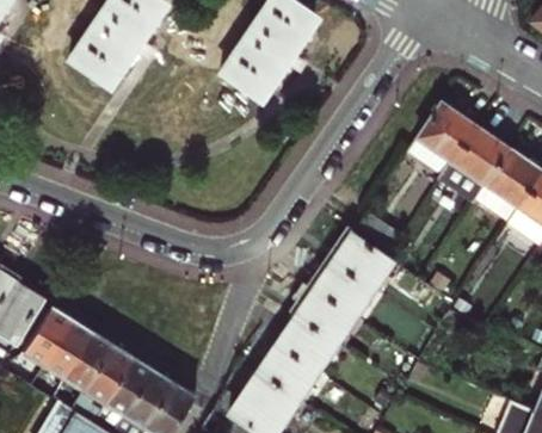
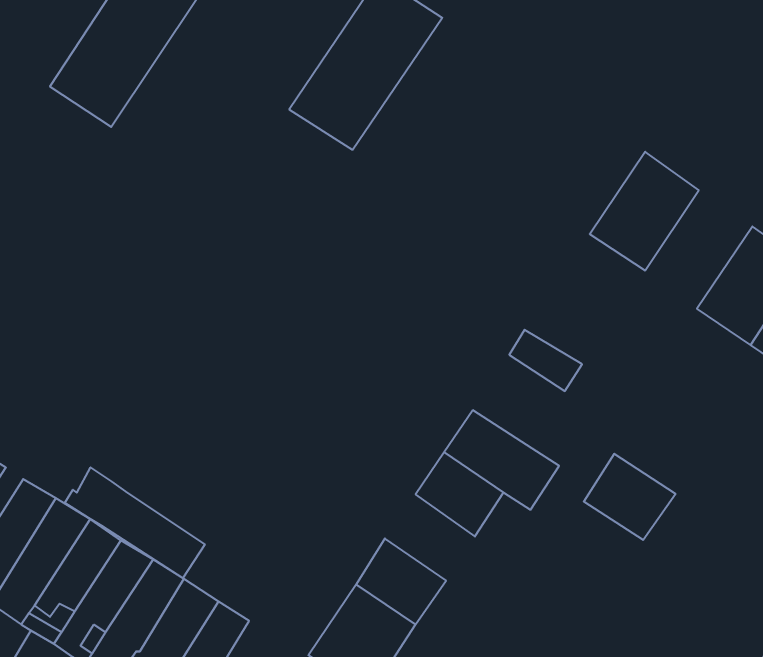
building: [438,125,509,202] -> none
building: [334,233,392,286] -> [584,454,676,540]
building: none -> [65,467,205,578]
building: [279,315,335,369] -> none

